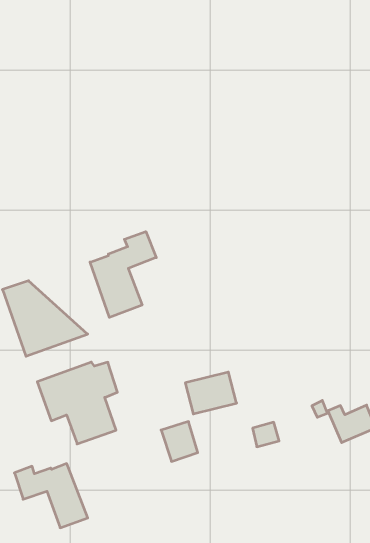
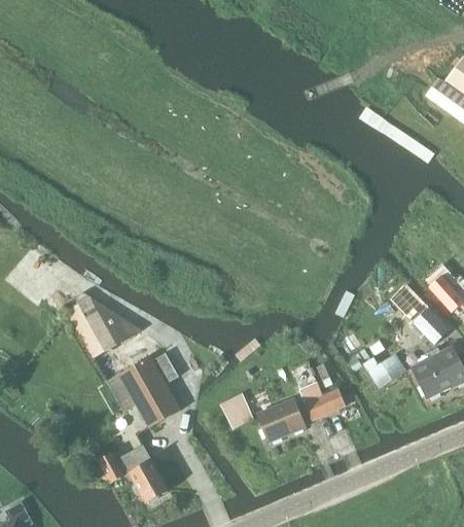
building: [90,232,156,317] -> none
building: [185,372,237,414] -> [258,398,306,440]
building: none -> [306,388,346,418]

